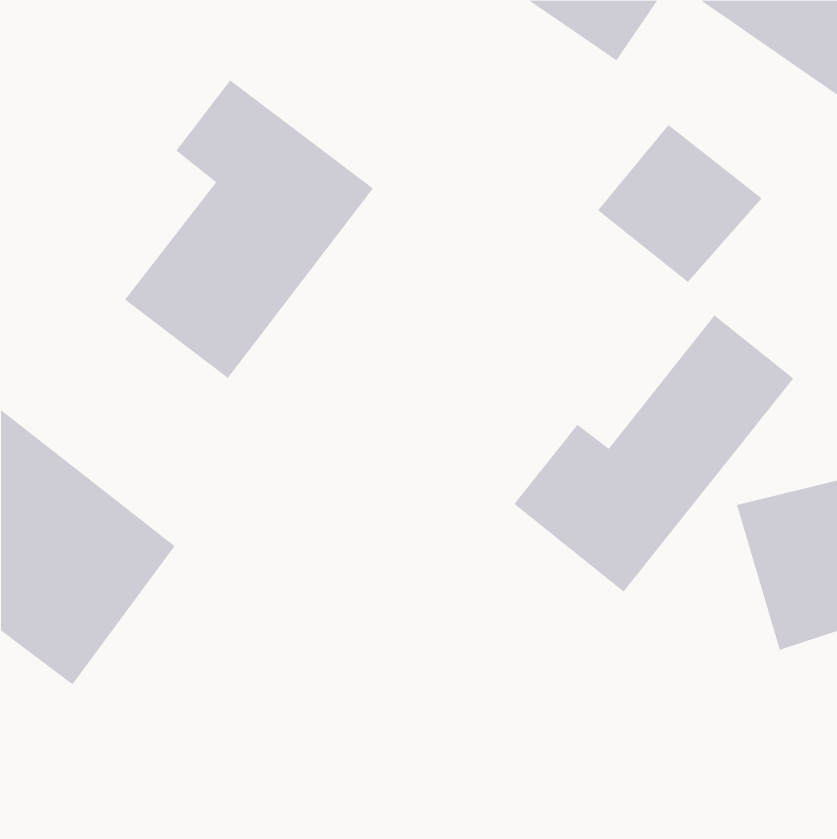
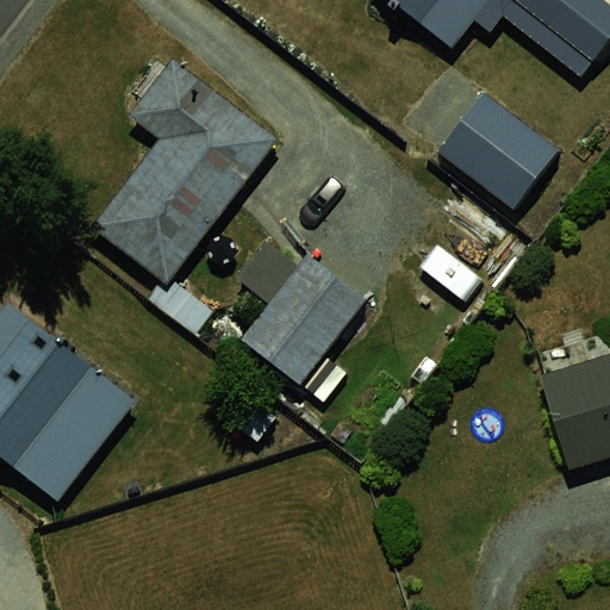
building: [514,314,794,593] -> none
building: none -> [228,236,361,375]

